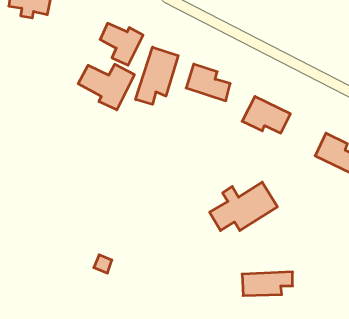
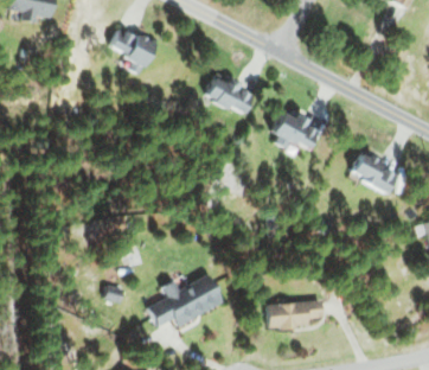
building: [136,47,178,104] -> none
building: [78,64,134,110] -> none
building: [210,182,277,231] -> [148,275,223,328]

